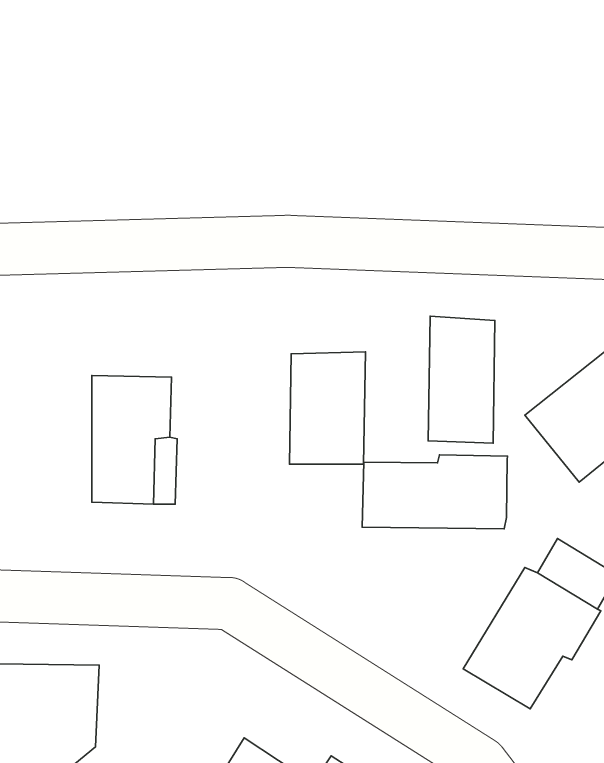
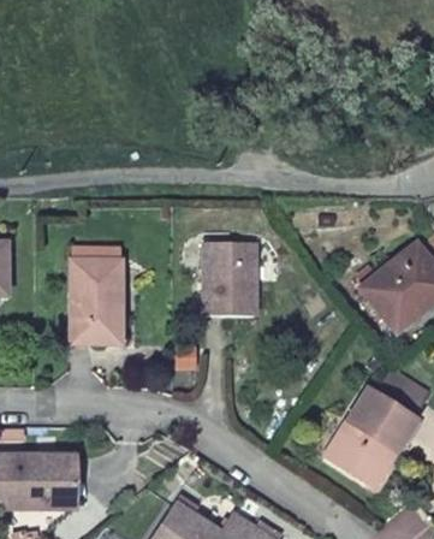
building: [428,316,495,443] -> none
building: [362,455,508,529] -> none

